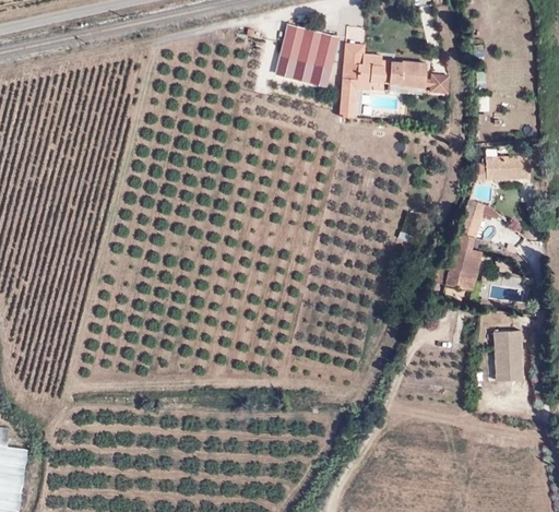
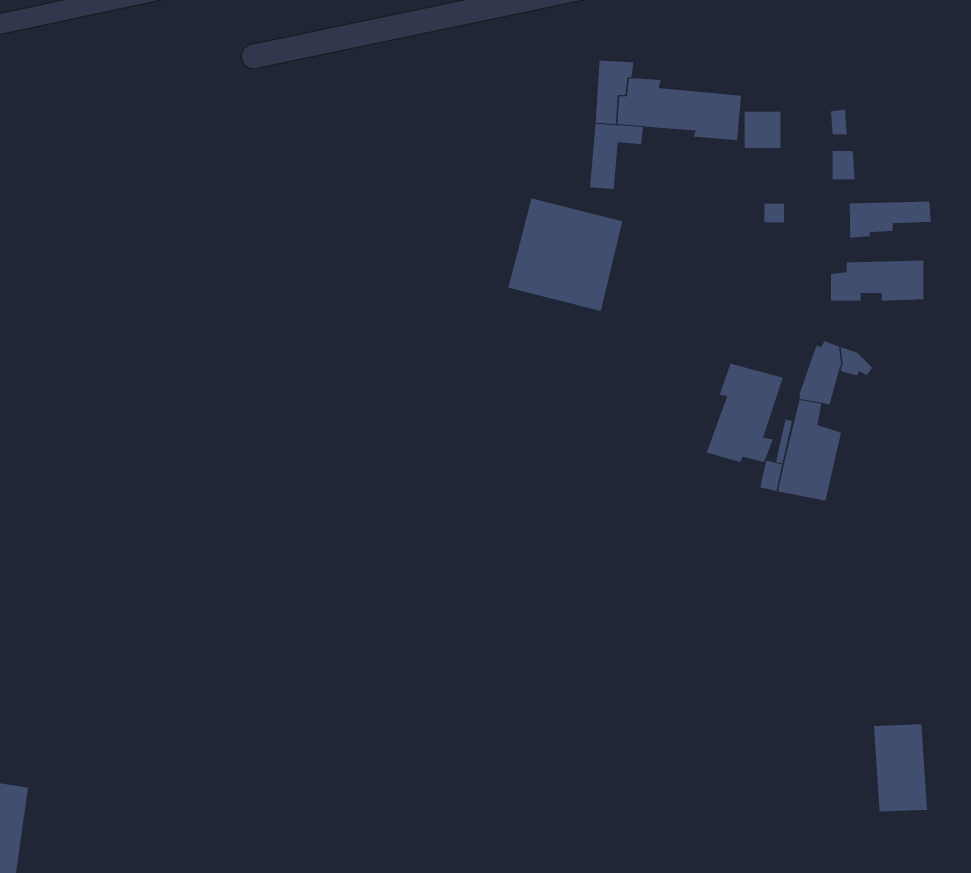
building: [275,24,340,87] -> [507,198,623,311]
building: none -> [849,201,931,238]
building: none -> [706,363,783,463]
building: [492,329,523,378] -> [873,724,928,812]

